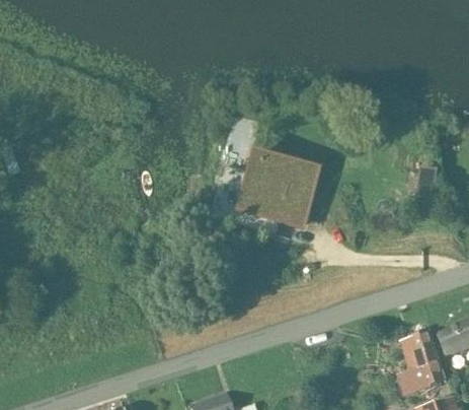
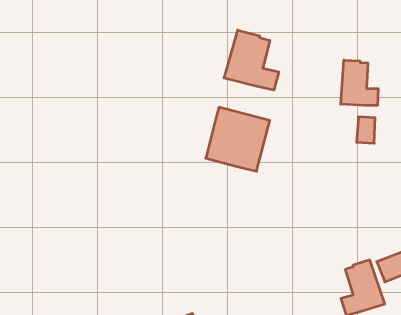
building: none -> [224,30,279,90]
building: none -> [341,60,378,105]

